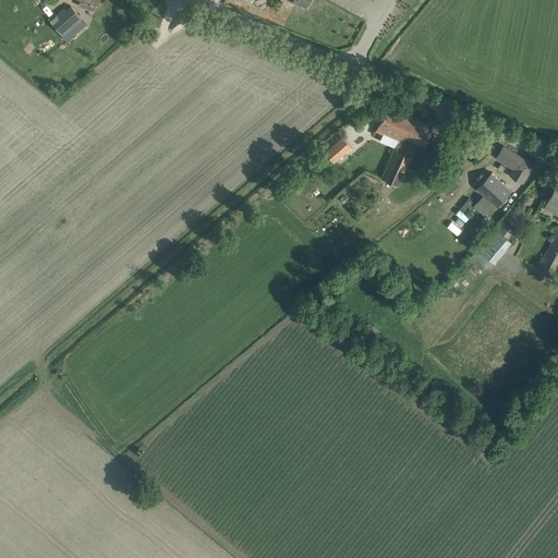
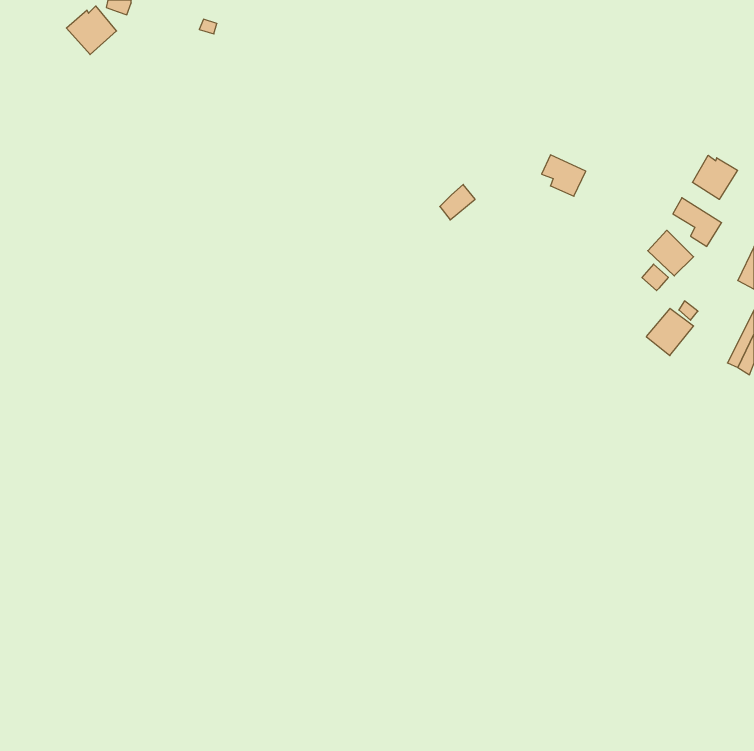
building: [376,108,409,143] -> none
building: none -> [692,155,738,199]
building: [384,154,411,189] -> none

